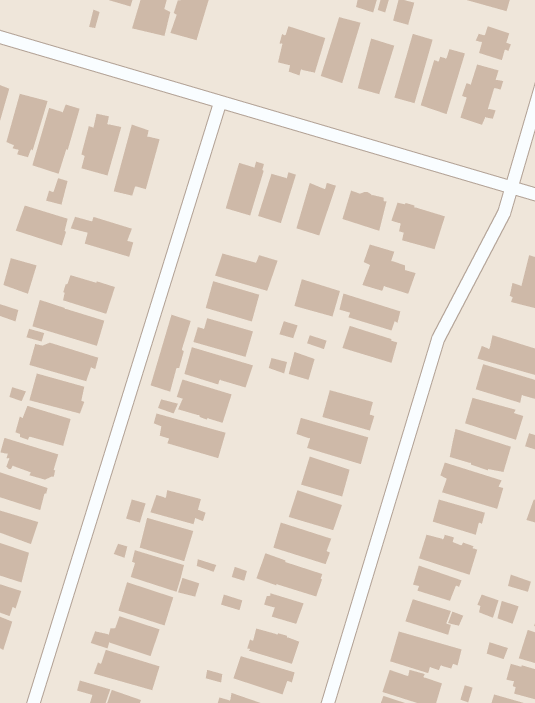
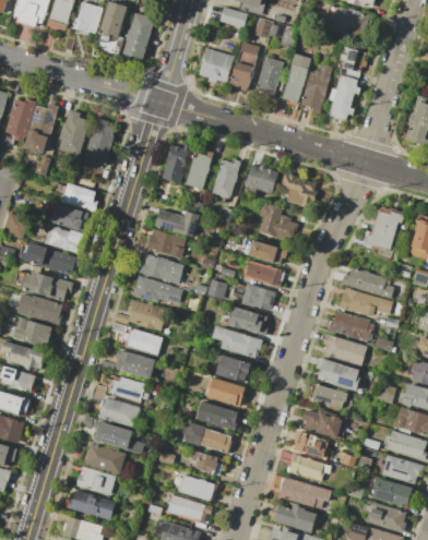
building: [15,205,69,246] -> [50,202,88,231]
building: [293,279,341,317] -> [241,283,275,310]
building: [150,314,192,393] -> none
building: none -> [116,348,155,379]

